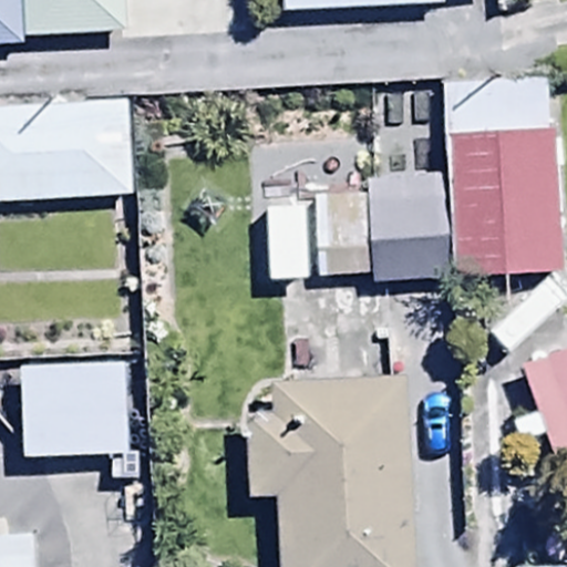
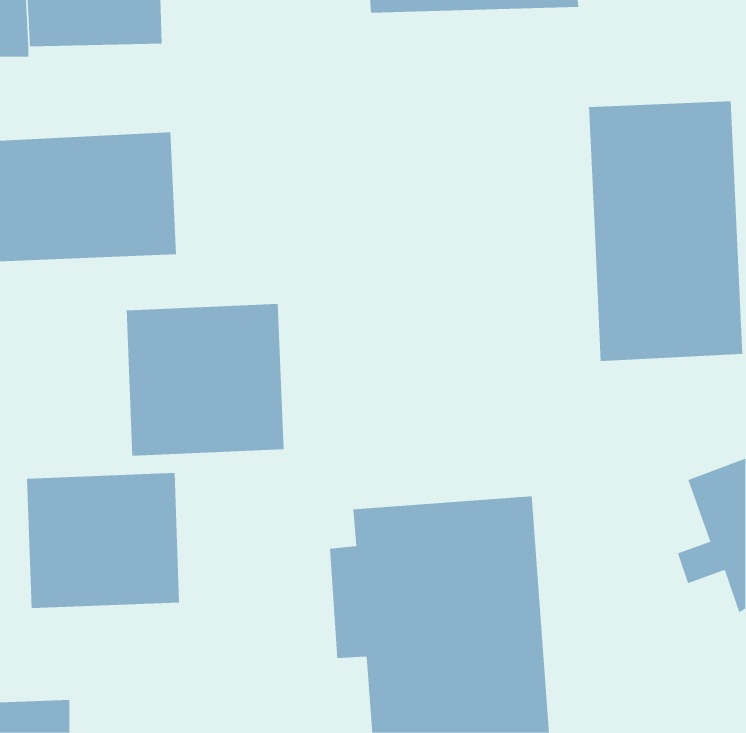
building: [262,171,454,282] -> none
building: none -> [126,303,284,456]

